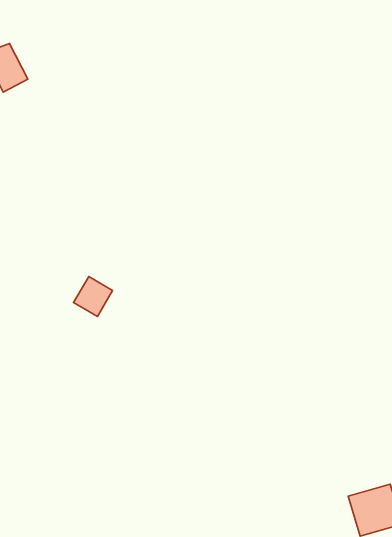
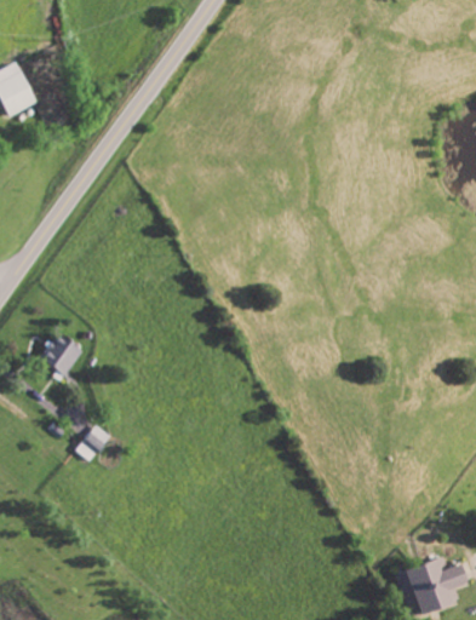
building: [74,277,113,317] -> [38,333,81,378]
building: none -> [78,425,113,460]

